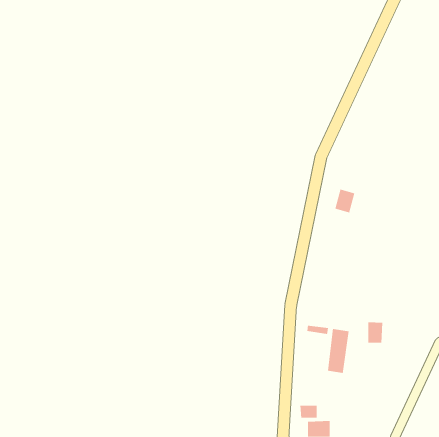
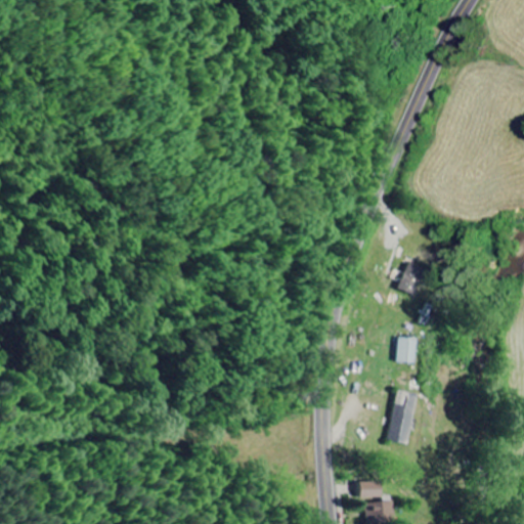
building: [335,189,355,213] -> [397,262,422,291]
building: [368,322,383,343] -> [398,337,417,362]

